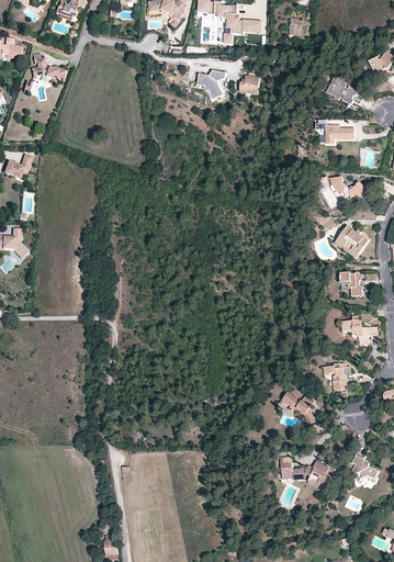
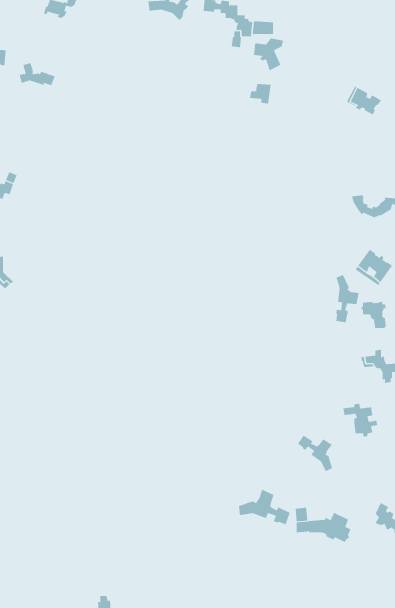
building: [198,70,225,100] -> [253,38,284,71]
building: [315,123,353,143] -> none
building: none -> [336,274,359,323]
building: none -> [238,489,291,525]

